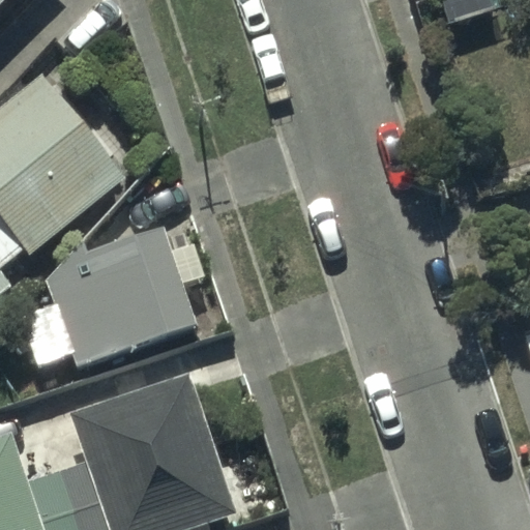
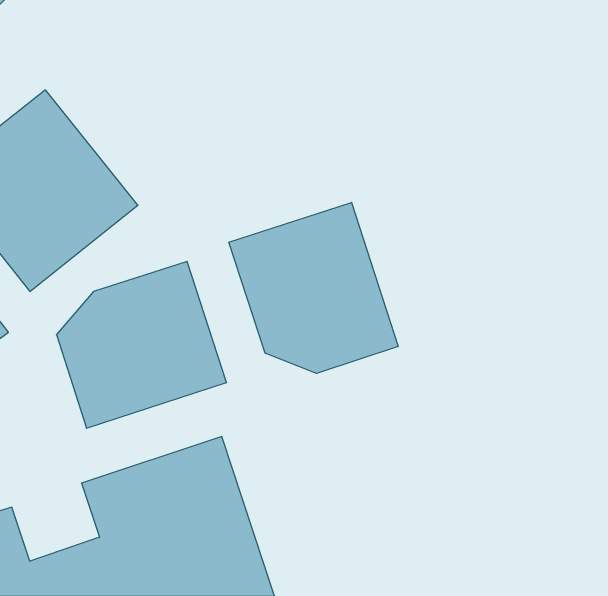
building: none -> [229,202,398,373]

